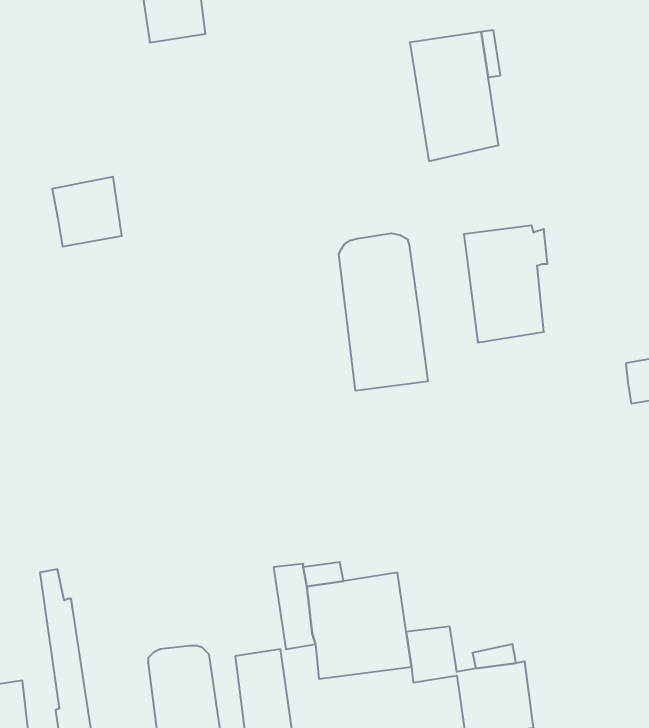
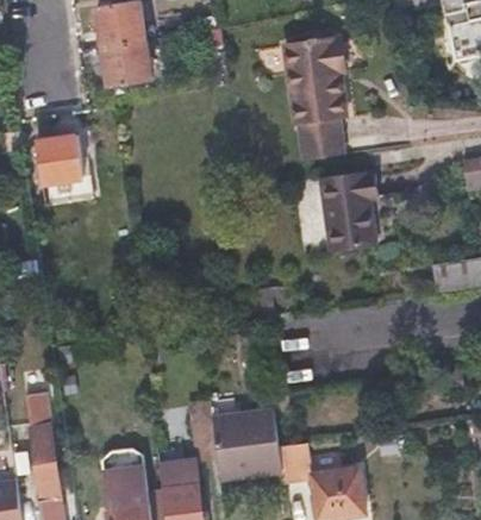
building: none -> [104,39,148,86]
building: none -> [294,115,342,156]
building: [339,233,428,391] -> none

